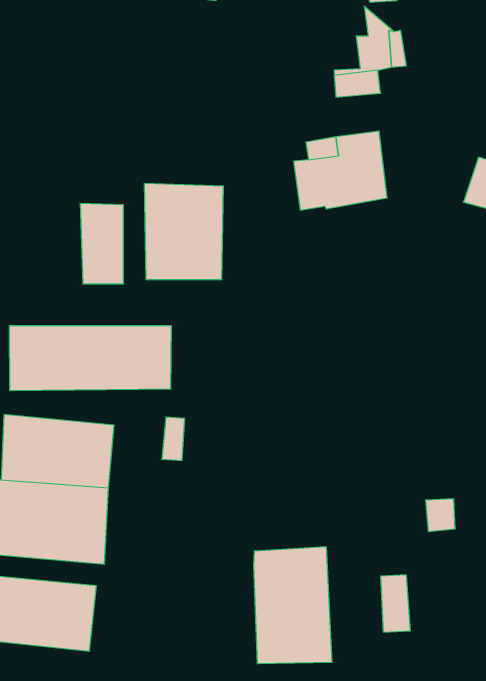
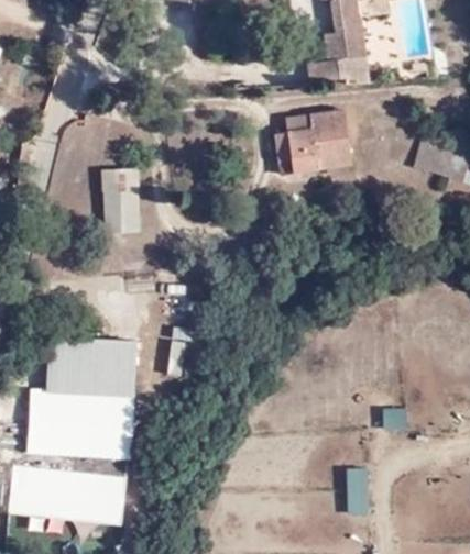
building: [144,183,223,280] -> none
building: [9,326,171,391] -> none
building: [254,547,332,664] -> none

